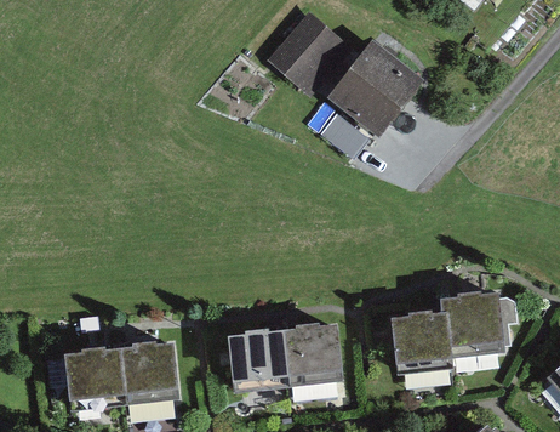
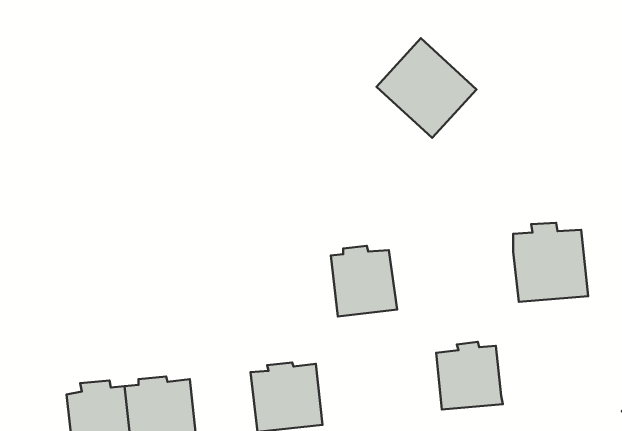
building: [275,23,349,97] -> none
building: [440,289,505,358] -> [513,223,588,302]
building: [282,322,341,383] -> [331,246,397,317]

